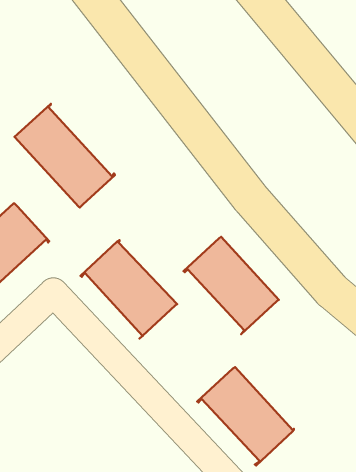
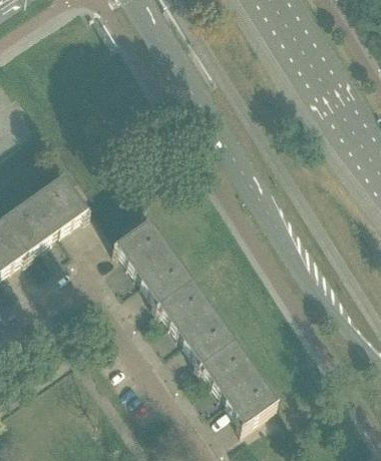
building: [15,104,115,207] -> none
building: [183,237,279,334] -> [154,281,233,366]

